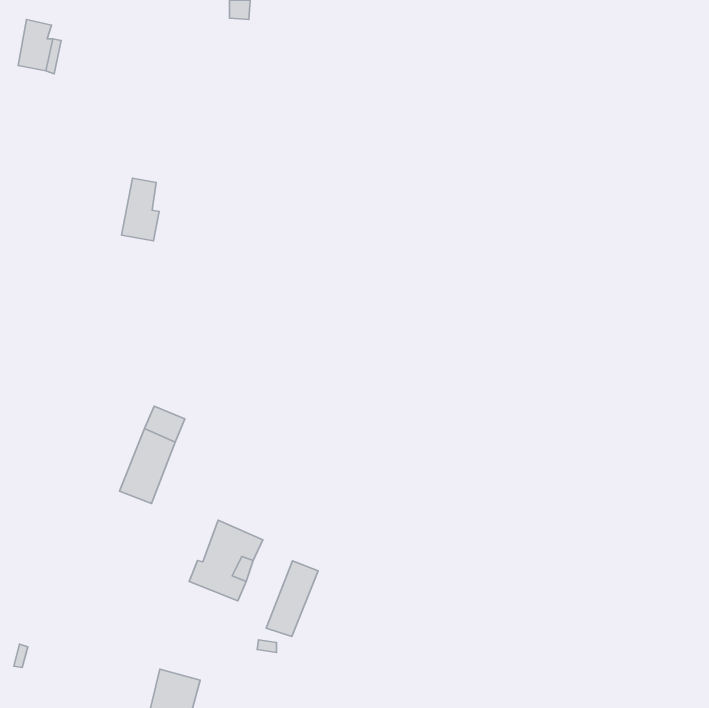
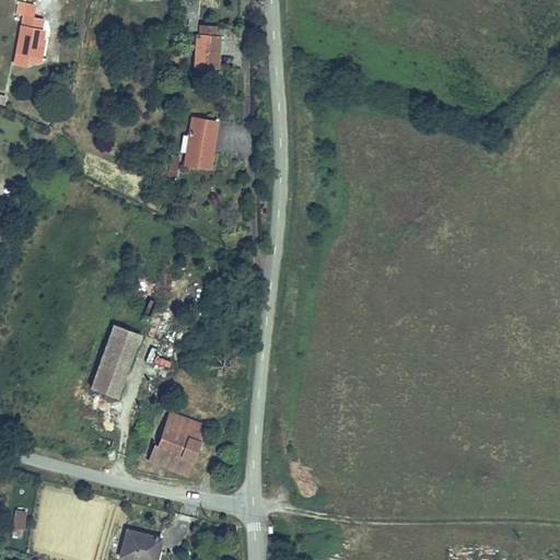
building: none -> [195,34,218,68]
building: [122,178,159,241] -> [184,118,213,167]
building: [266,561,318,636] -> none

